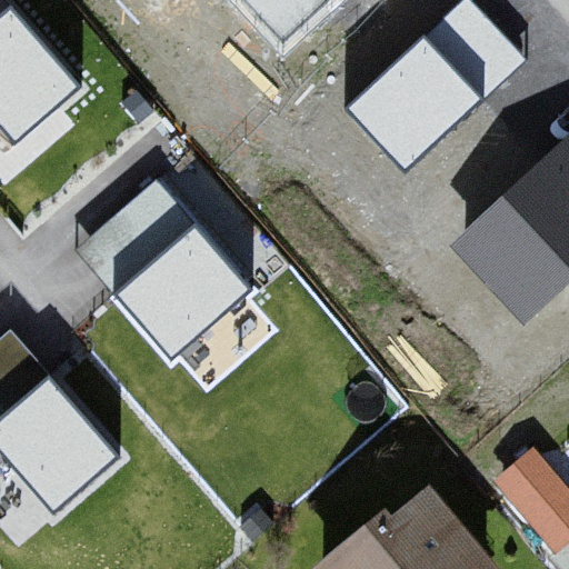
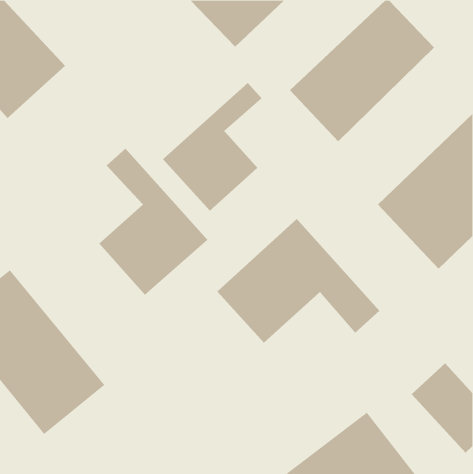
building: none -> [162,82,262,211]
building: none -> [217,218,380,343]

